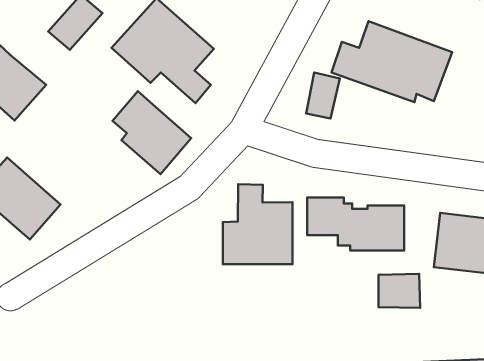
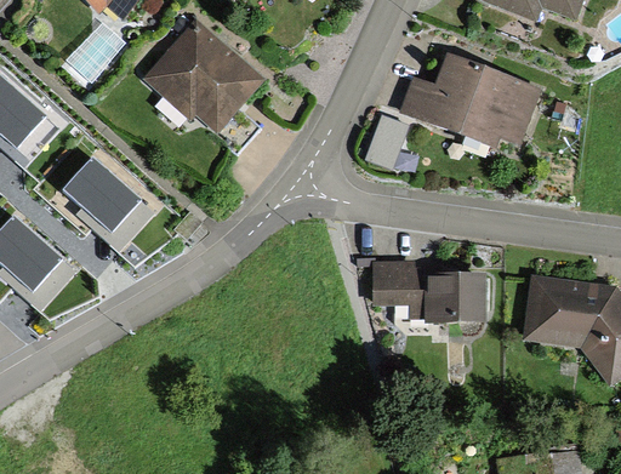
building: [112,91,191,174] -> [63,153,156,251]
building: [223,184,293,264] -> none
building: [378,274,420,308] -> none

